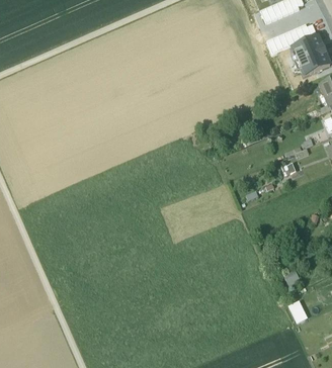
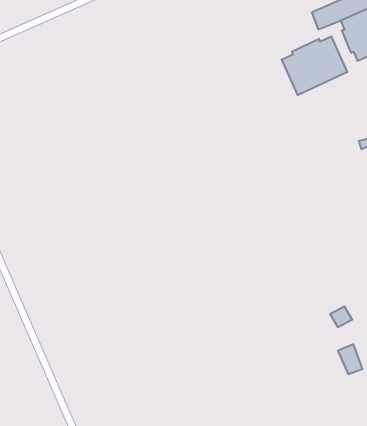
building: none -> [282,36,347,95]

